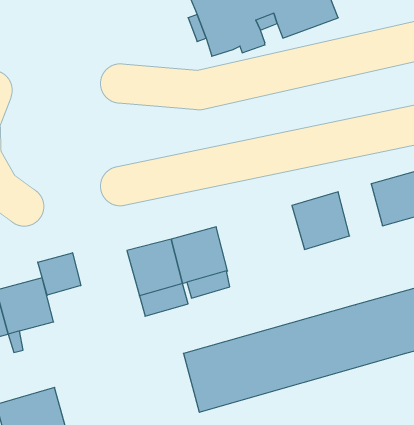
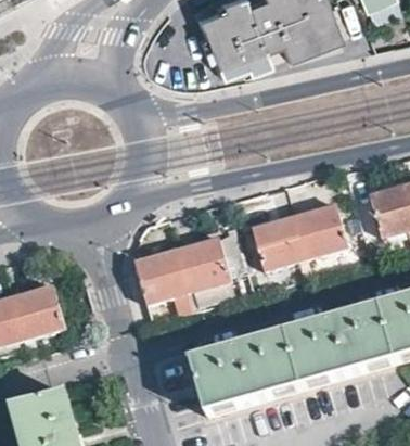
building: none -> [251,215,304,268]
building: [38,253,81,295] -> none

